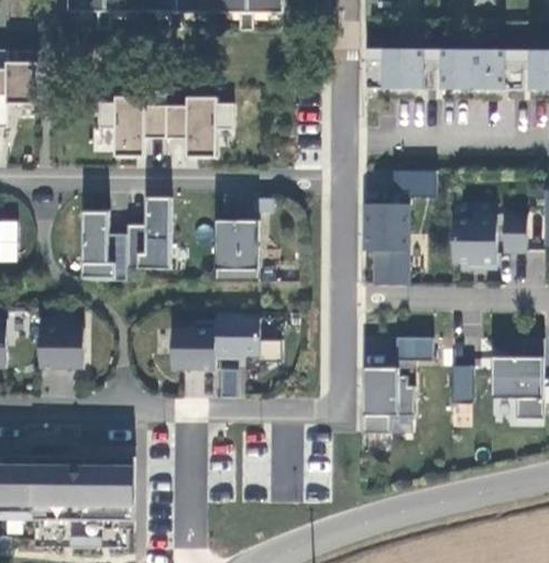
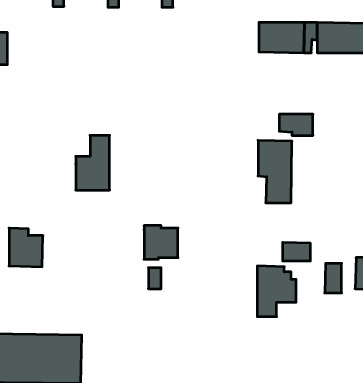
building: [98,96,233,156] -> none
building: [83,207,127,278] -> none
building: [452,212,496,267] -> none
building: [215,219,259,280] -> none
building: [172,319,216,368] -> none

